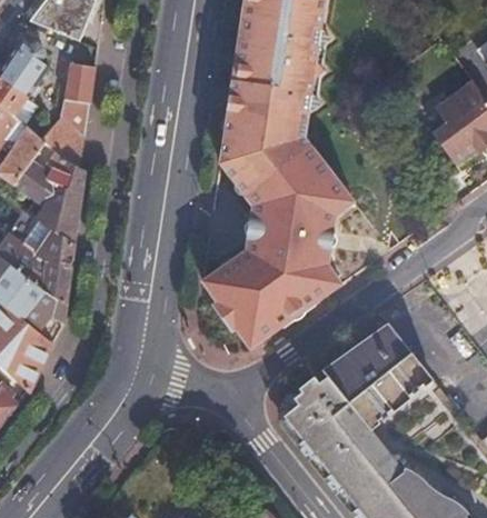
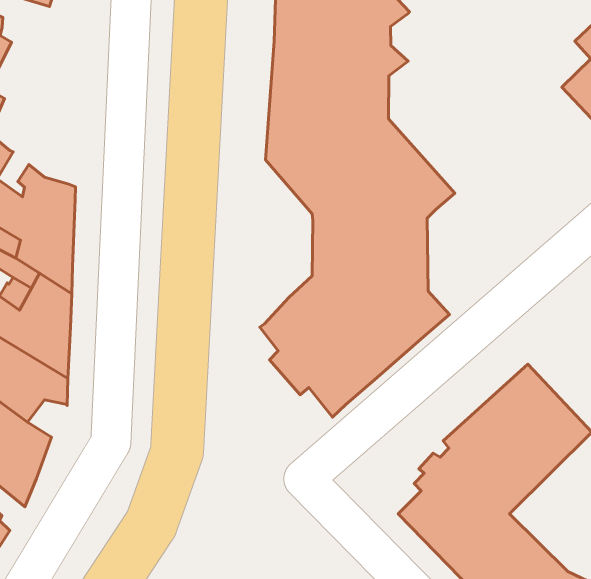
building: [41,62,95,167] -> none

